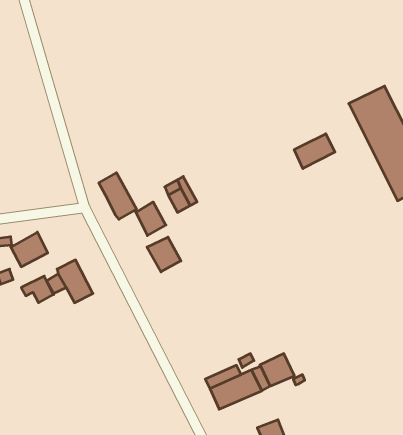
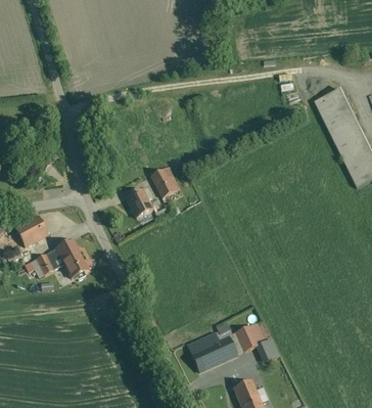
building: [294,134,335,169] -> none
building: [99,173,136,219] -> none
building: [147,237,181,272] -> none

